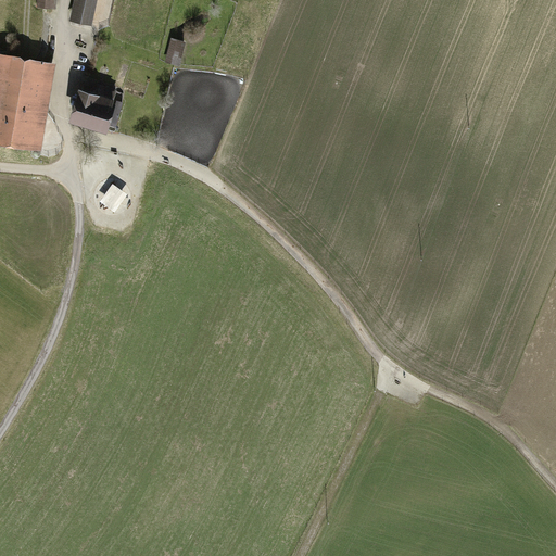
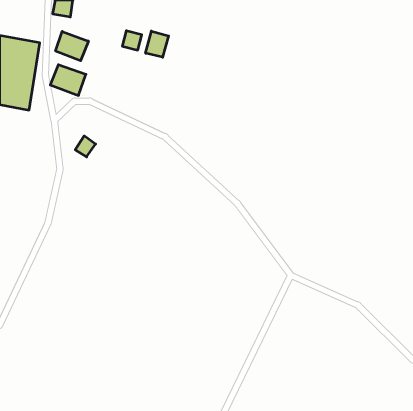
building: none -> [146,31,169,57]
building: none -> [56,31,88,61]

